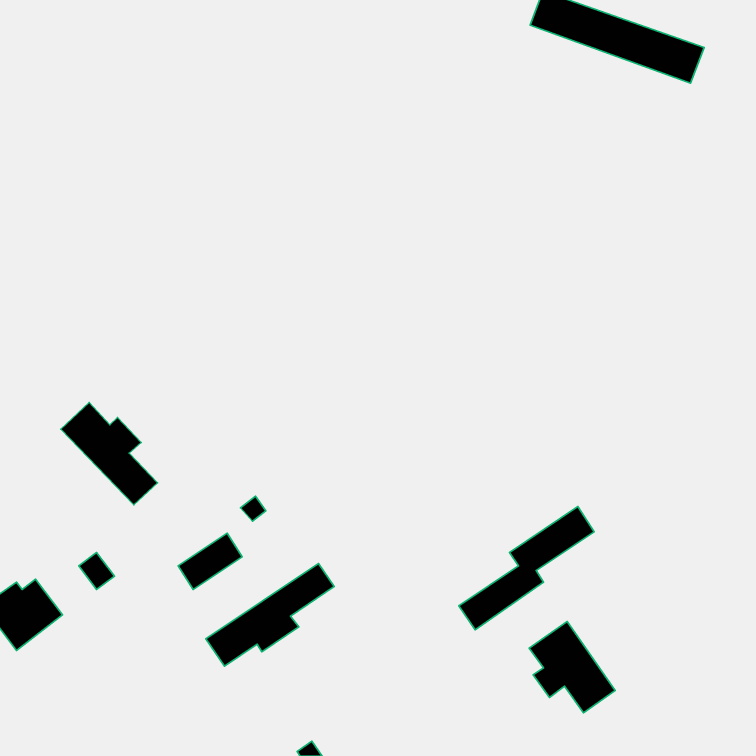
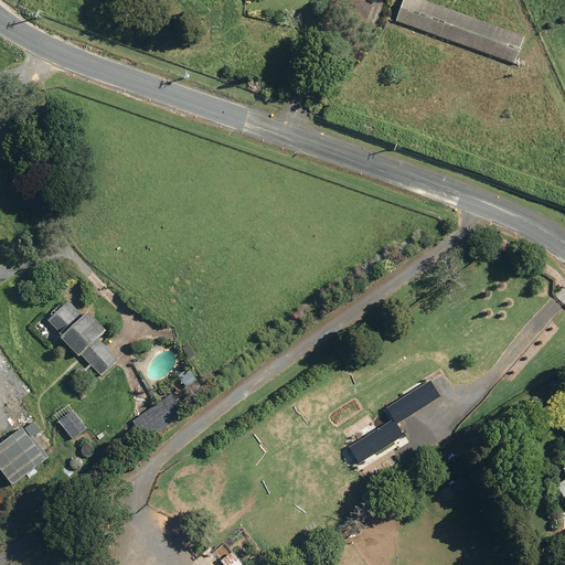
building: [206,564,334,666] -> none
building: [529,621,615,713] -> none

